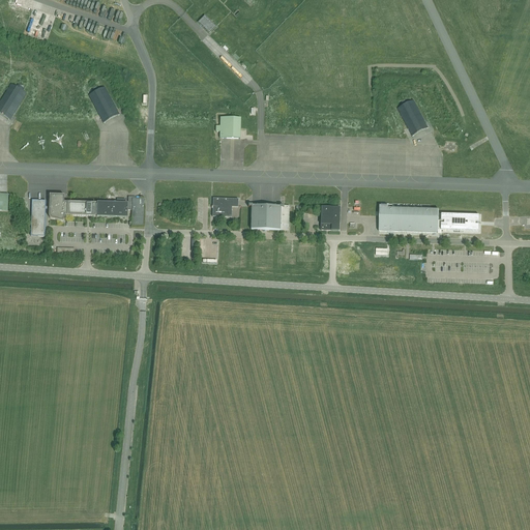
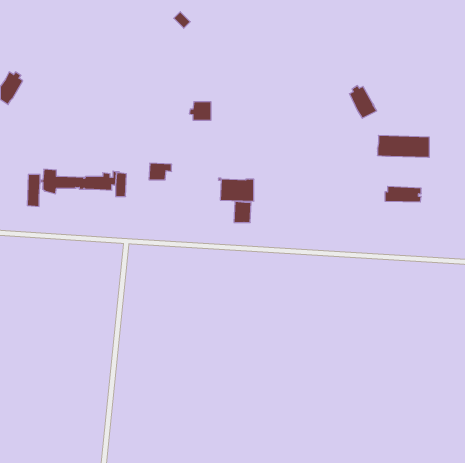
building: [88,85,119,122] -> none
building: [212,197,238,215] -> [149,163,172,180]
building: [320,205,340,229] -> [234,201,251,222]
building: [379,207,438,232] -> [377,135,429,157]

